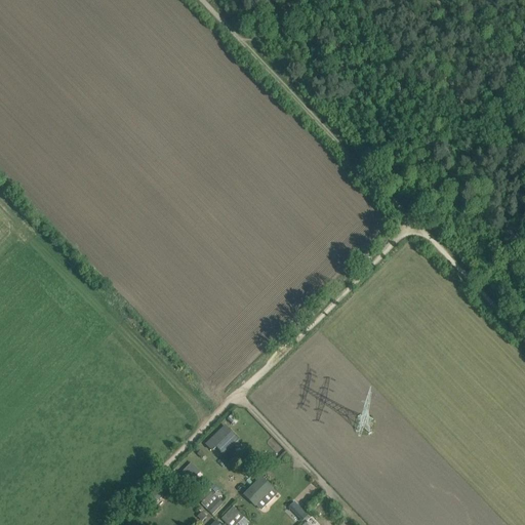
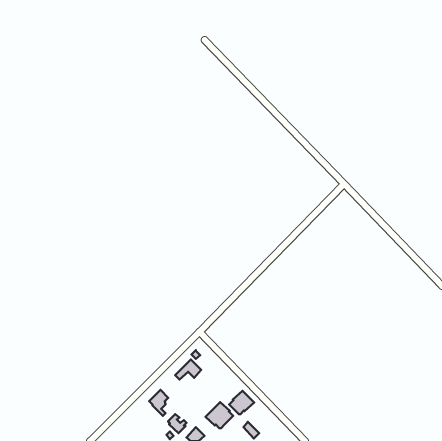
building: none -> [229,391,254,414]

